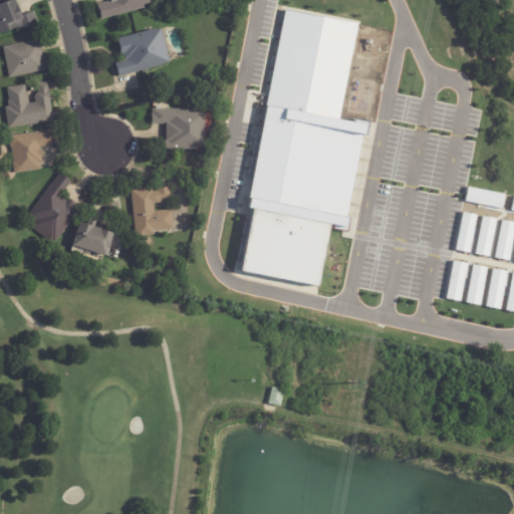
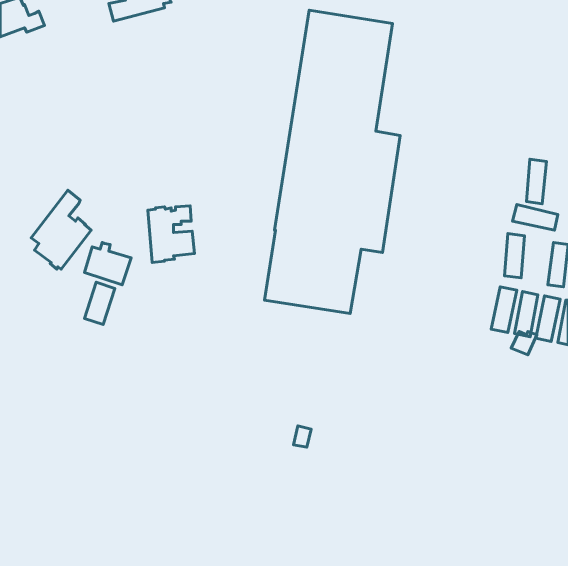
building: [117,28,172,75] -> none
building: [4,38,49,77] -> none
building: [6,81,55,127] -> none
building: [153,107,207,149] -> none
building: [10,128,58,173] -> none
building: [476,215,494,255] -> [526,159,546,204]
building: none -> [85,282,115,324]

